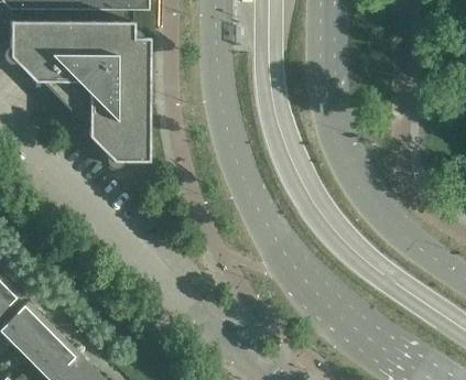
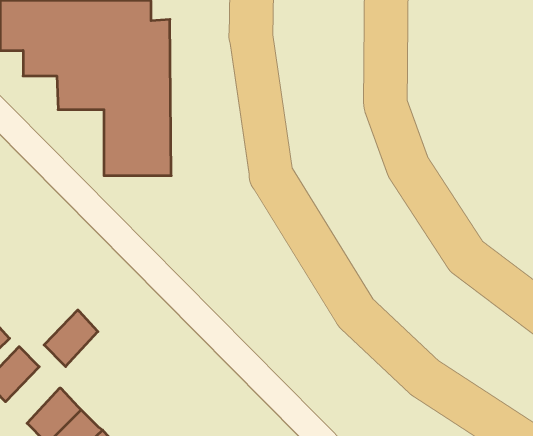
building: [15,318,59,365] -> [44,310,98,367]

